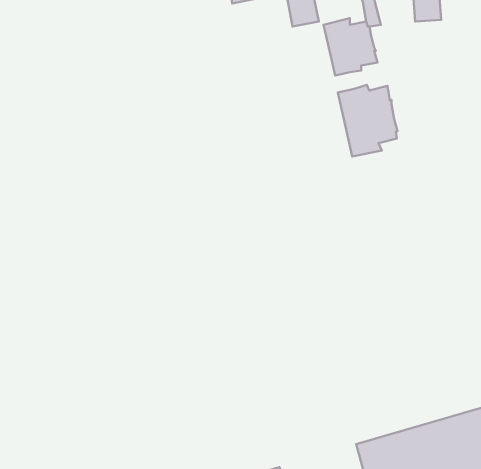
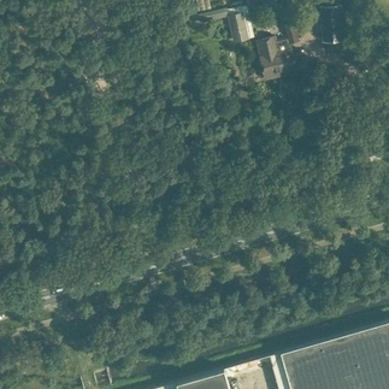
building: [338,85,398,156] -> none

